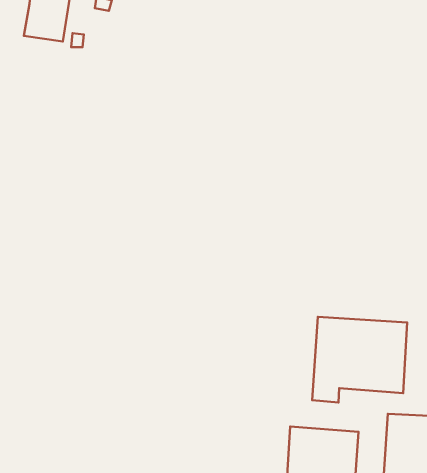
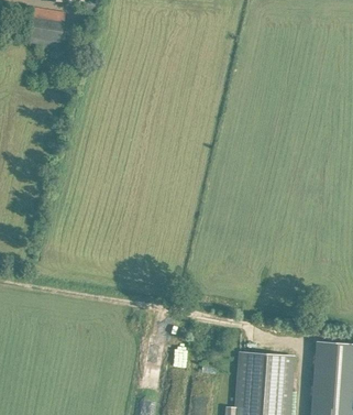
building: [312,317,407,403] -> none

